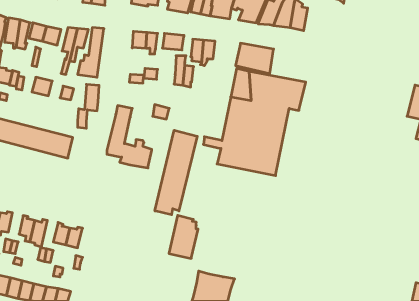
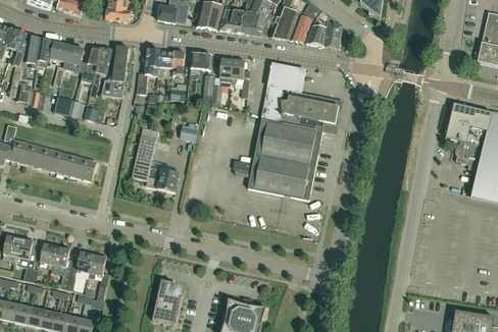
building: [78,84,99,128] -> [137,48,159,94]
building: [155,130,197,215] -> none
building: [169,215,198,258] -> [151,280,182,325]

